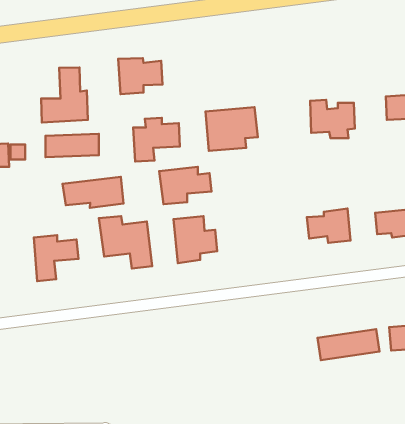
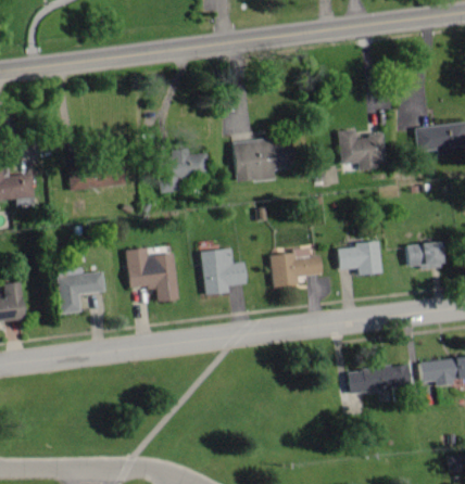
building: [118,58,163,94] -> none
building: [41,68,88,123] -> none
building: [159,167,212,204] -> [269,249,323,286]
building: [63,177,124,208] -> none

